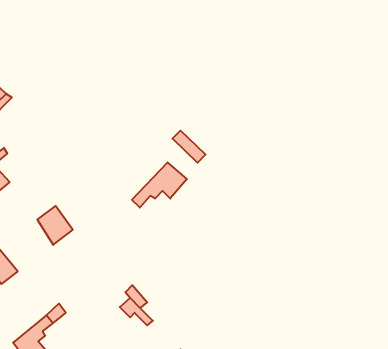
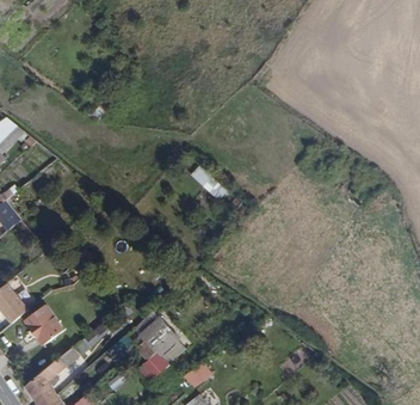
building: [132,162,187,208] -> none
building: [37,206,73,245] -> [25,305,62,345]

